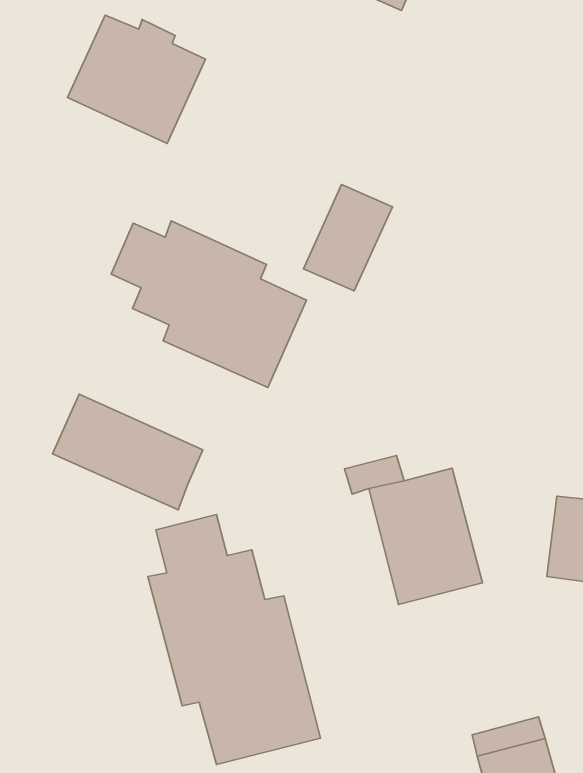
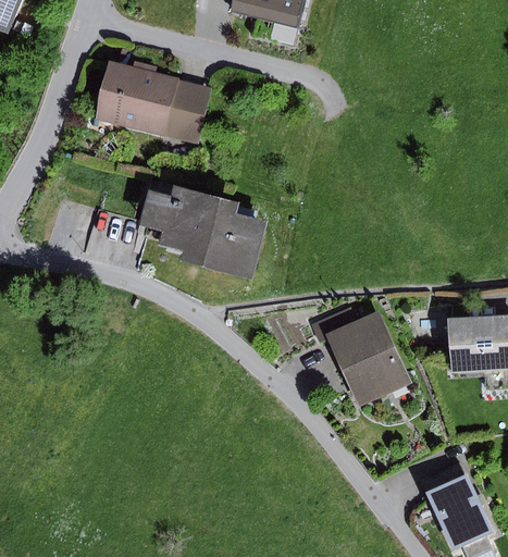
building: [303,185,392,291] -> [161,78,211,145]
building: [53,394,203,510] -> none
building: [148,515,321,765] -> none

